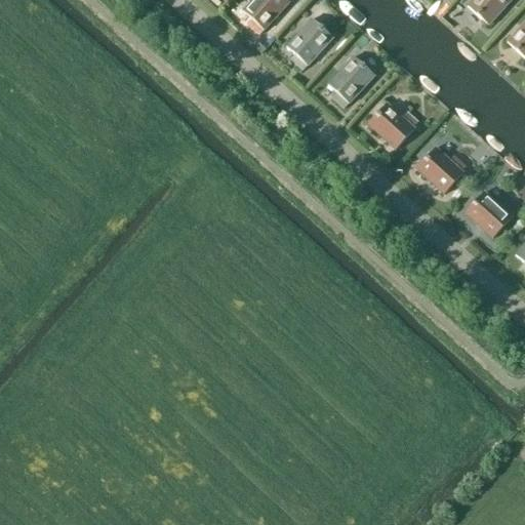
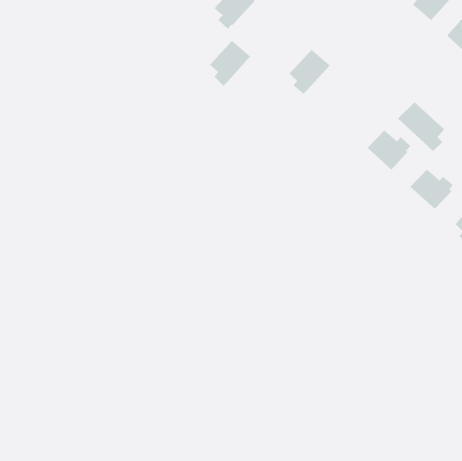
building: [286,17,333,70] -> [209,40,251,86]
building: [368,102,417,149] -> none
building: none -> [397,101,445,152]

